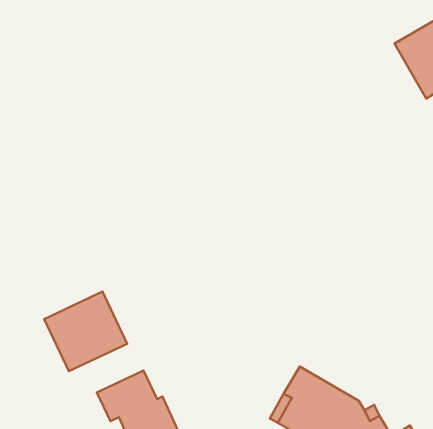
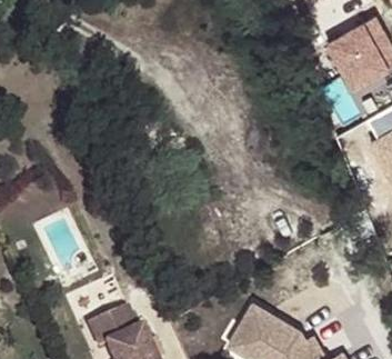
building: [44,292,127,371] -> none

